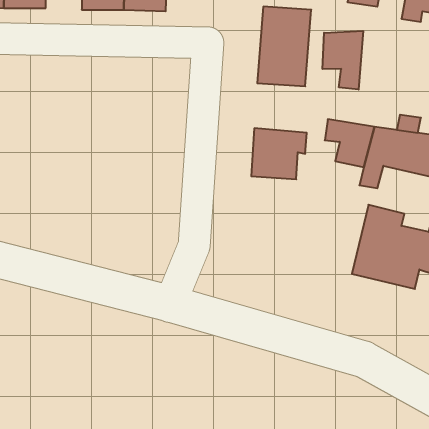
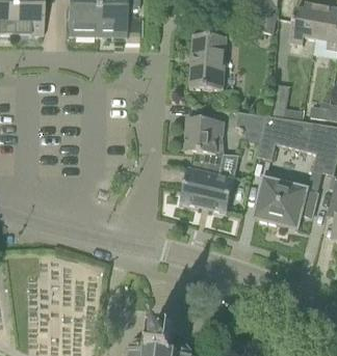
building: [323,31,363,90] -> none
building: none -> [182,150,234,211]

